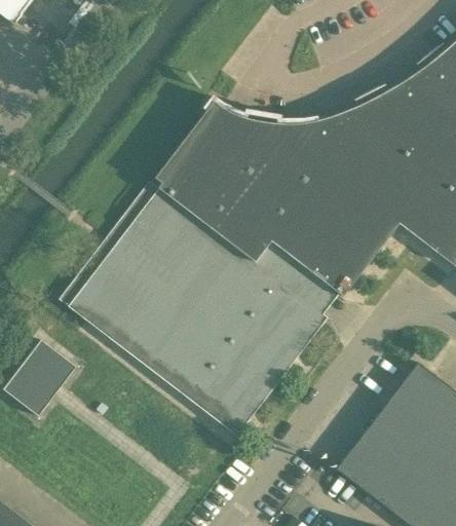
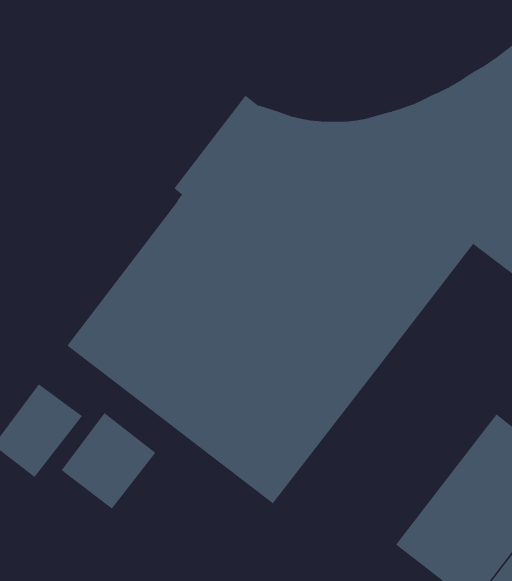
building: none -> [61,412,156,510]

